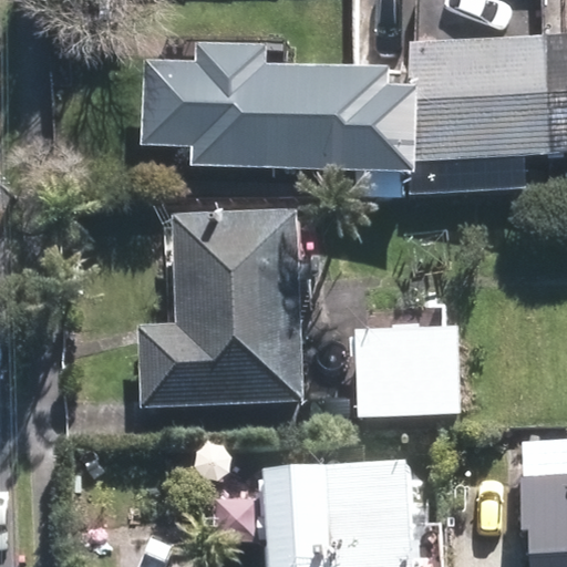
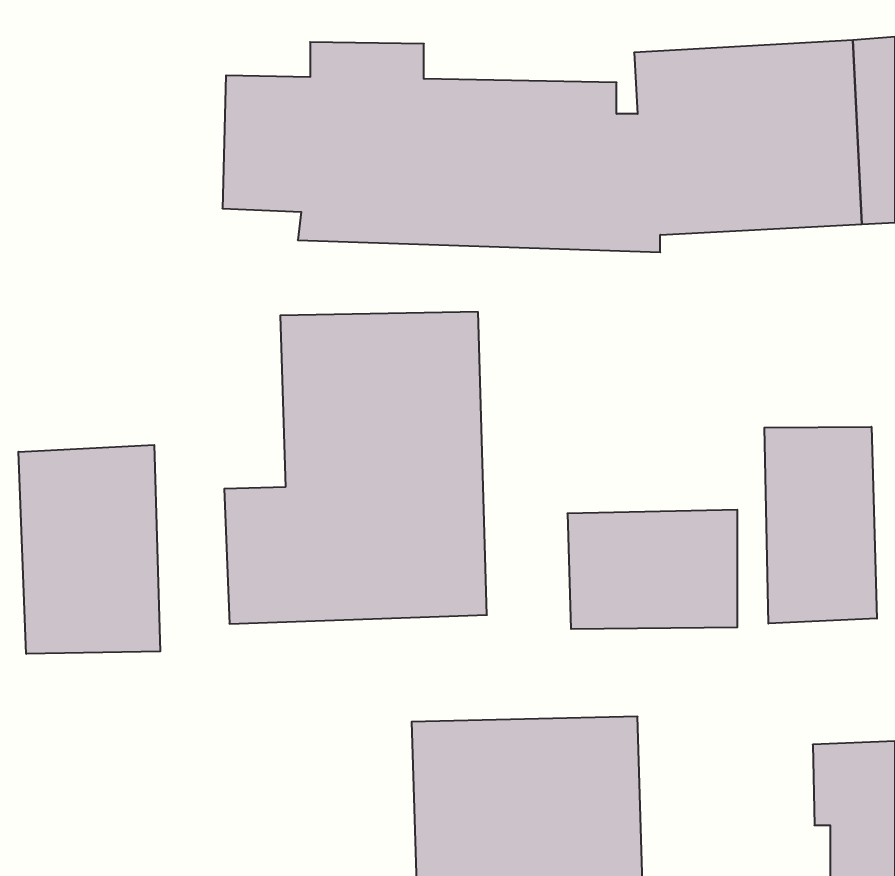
building: none -> [764,427,877,624]
building: none -> [18,445,160,654]

